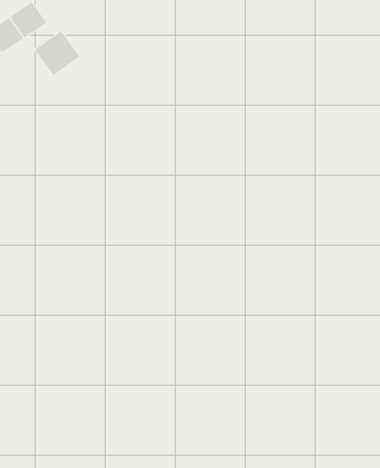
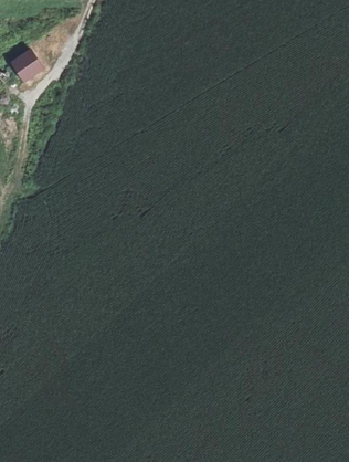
building: [34,30,80,76] -> none

